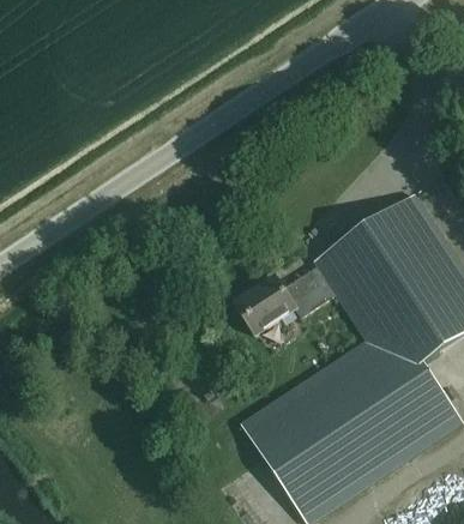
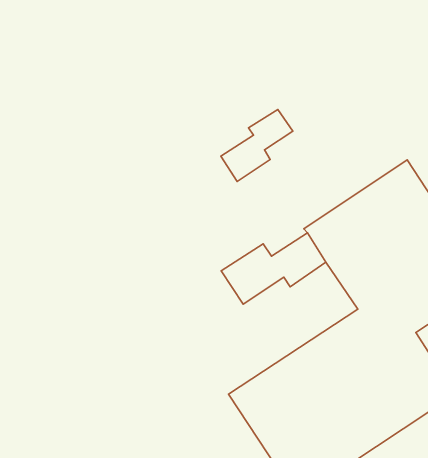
building: none -> [221,110,293,182]

